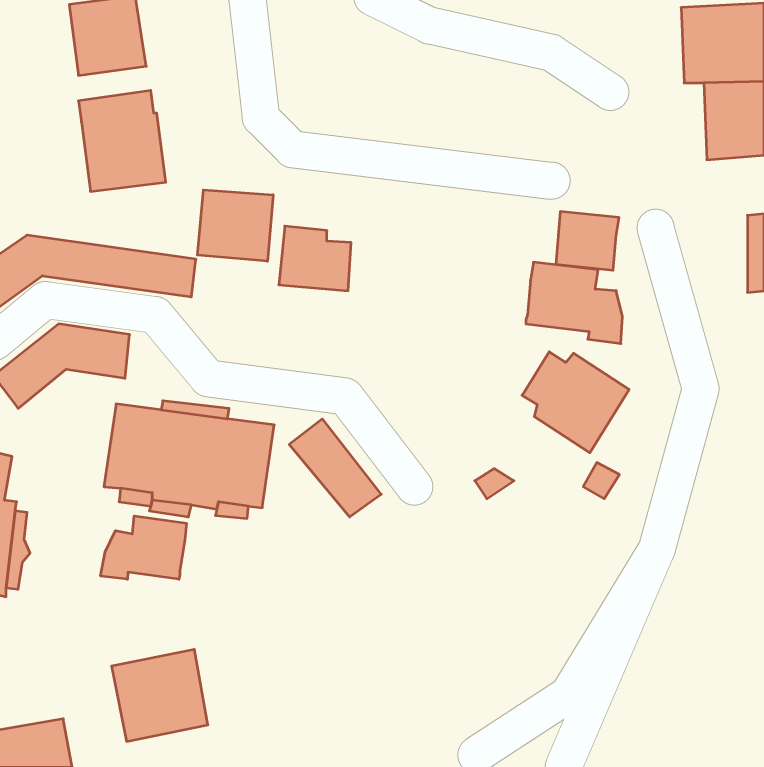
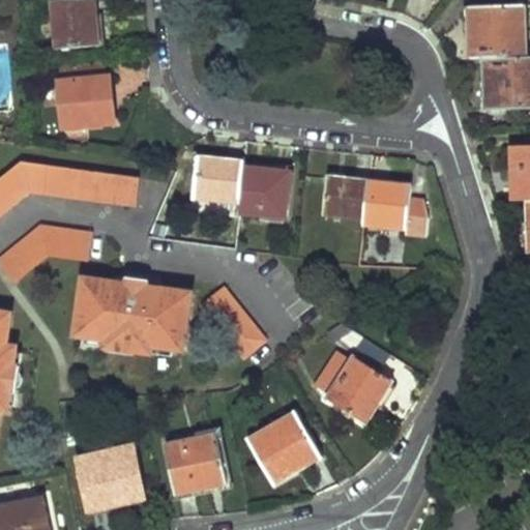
building: [197,190,273,261] -> none
building: [556,212,619,270] -> [323,176,366,216]
building: none -> [237,167,289,216]
building: [522,352,629,453] -> [320,353,393,422]
building: [101,516,186,579] -> none
building: none -> [248,413,319,483]
building: none -> [164,434,228,495]

